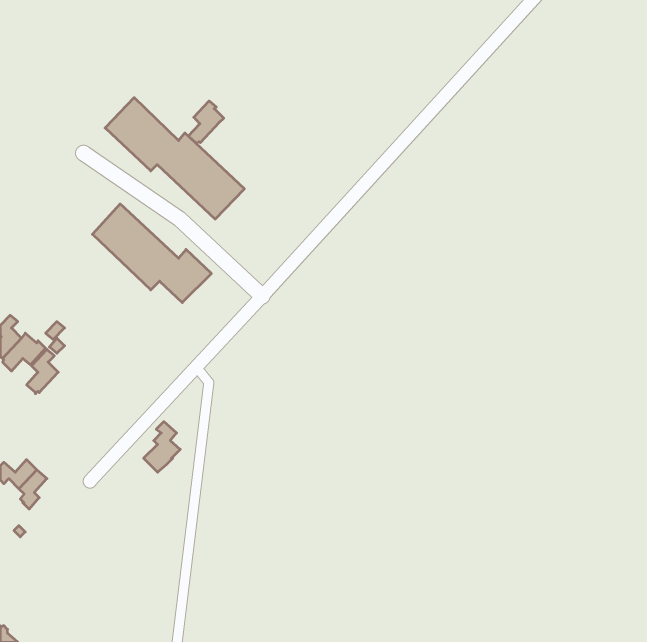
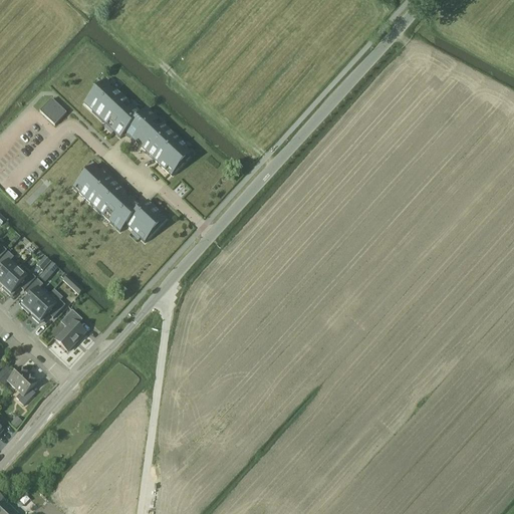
building: [188,101,224,143] -> none
building: none -> [39,96,66,123]
building: none -> [31,293,65,321]
building: [144,422,180,472] -> [56,308,85,348]

